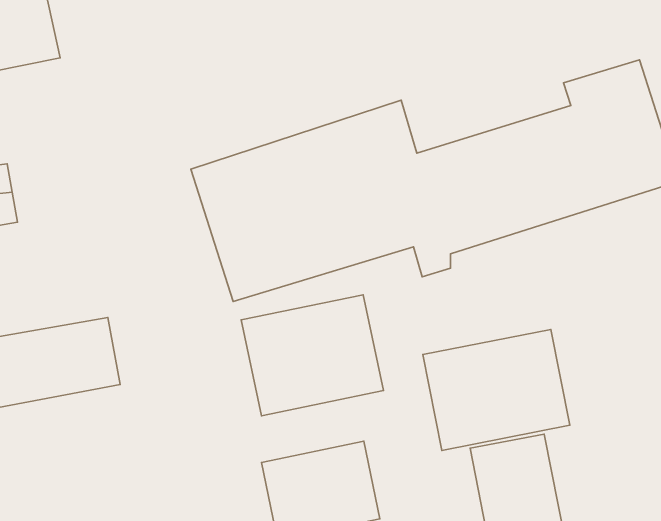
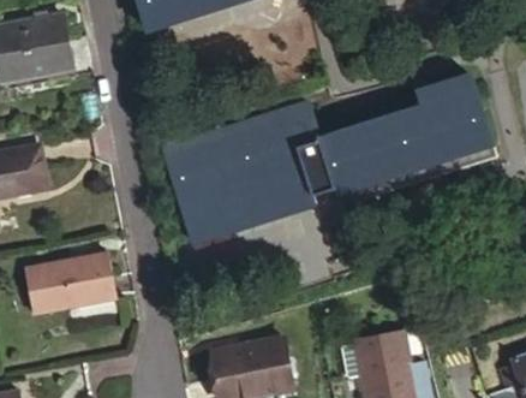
building: [241,295,384,416] -> none
building: [423,329,570,450] -> none

